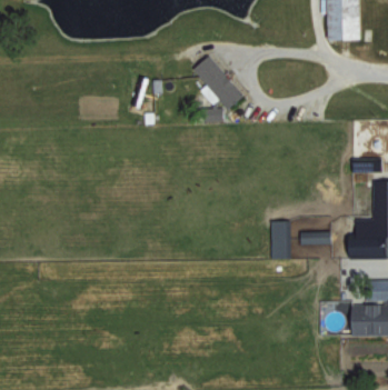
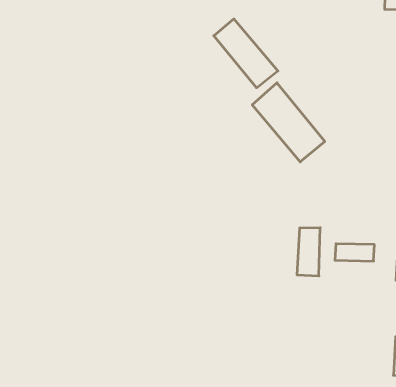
building: none -> [252,83,325,162]

